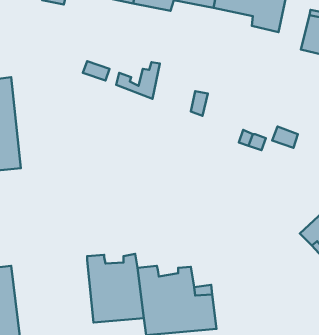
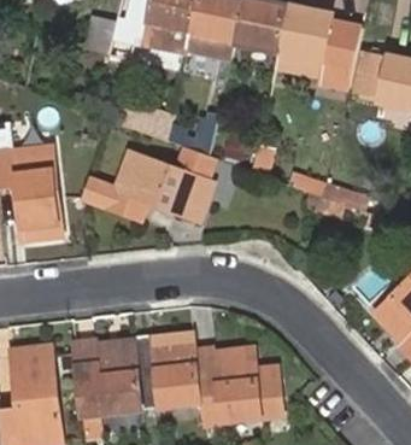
building: none -> [83,148,215,216]
building: none -> [72,339,142,416]

